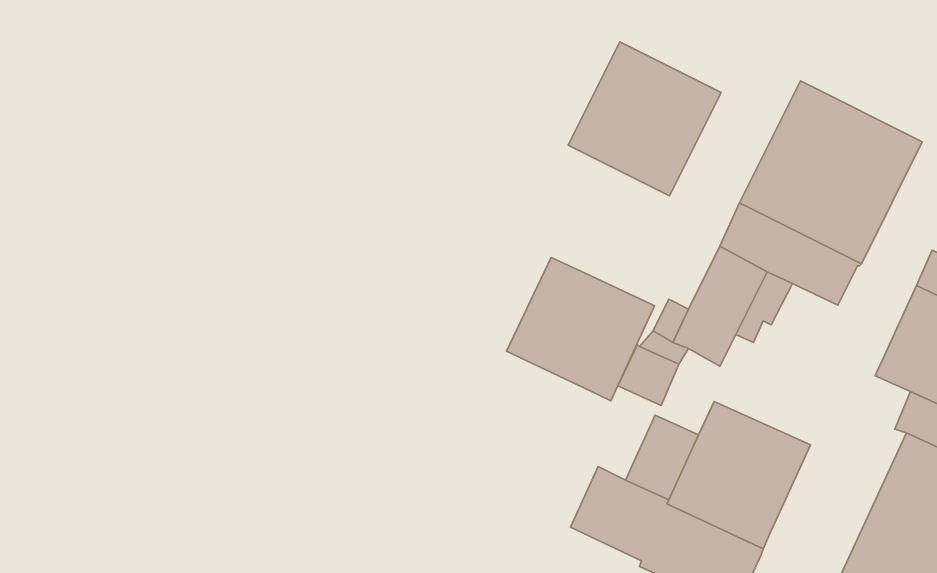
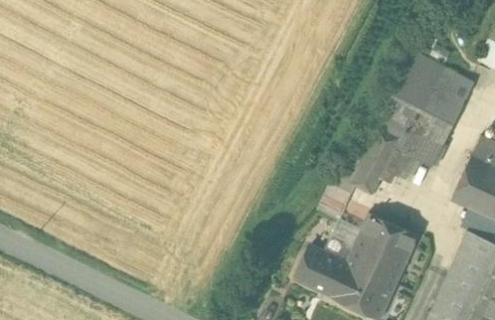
building: [568,42,721,196] -> none
building: [506,257,654,401] -> none

